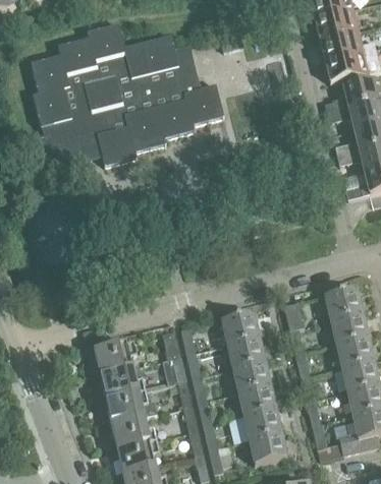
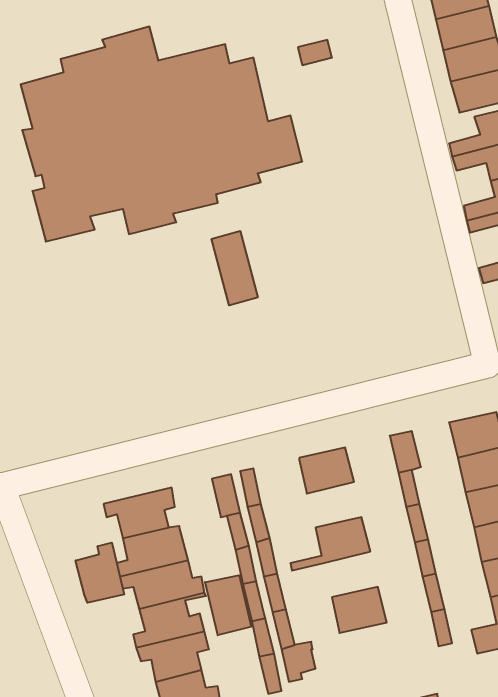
building: none -> [212,231,258,305]
building: [226,336,264,367] -> none
building: none -> [76,543,124,603]
building: [237,383,275,415] -> none
building: none -> [205,575,251,635]
building: [249,432,286,464] -> none

